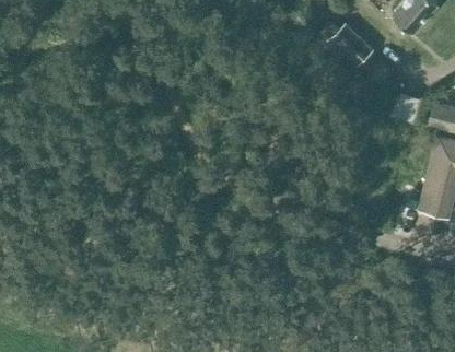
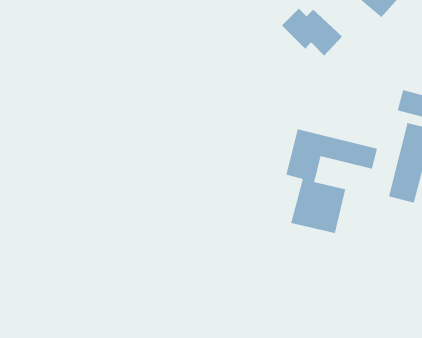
building: none -> [286,128,378,234]

